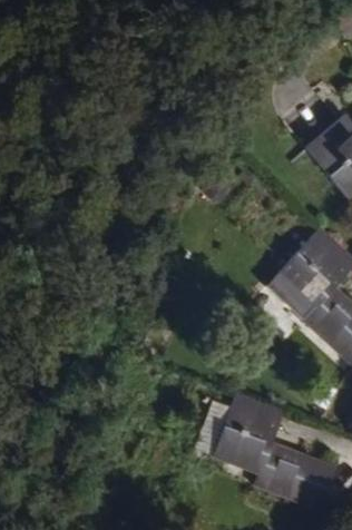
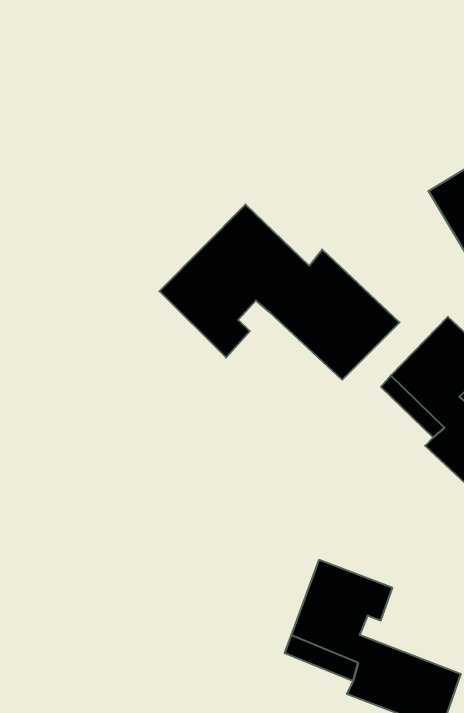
building: none -> [159,204,400,380]

